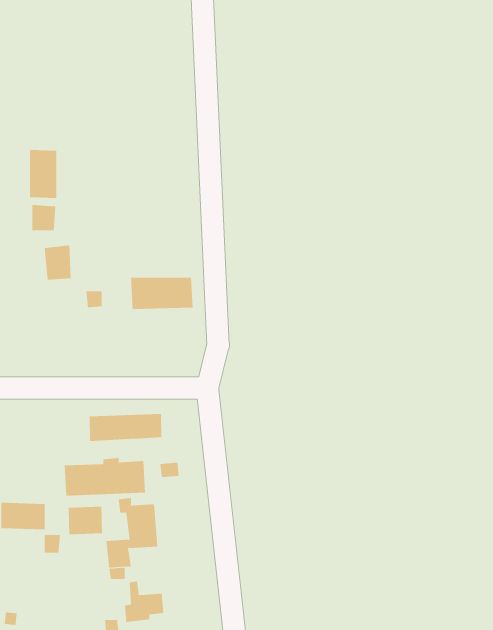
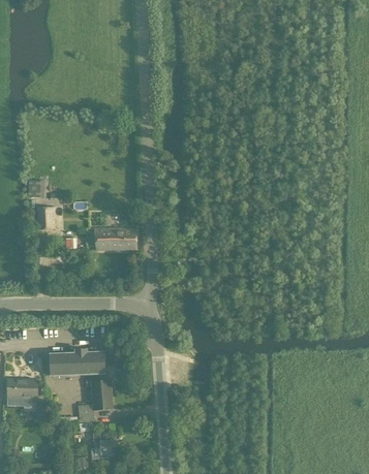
building: [30,149,57,199] -> none
building: [89,413,162,442] -> none
building: [68,506,102,535] -> none

